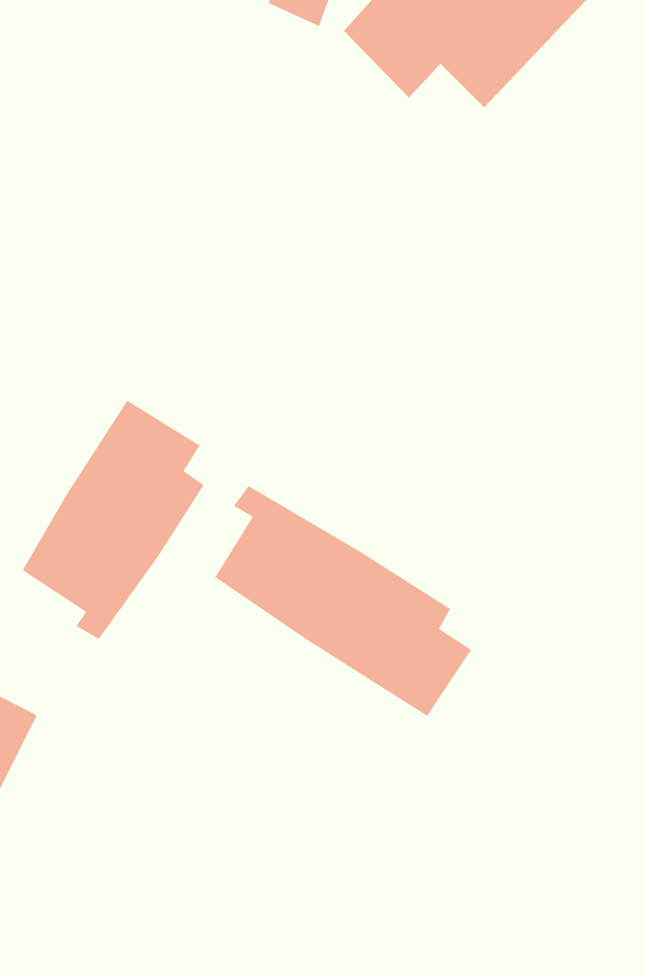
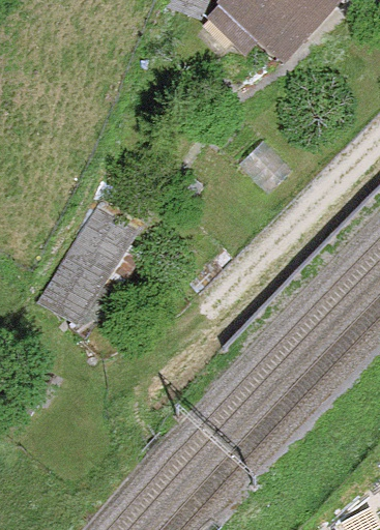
building: [215,485,472,717] -> none

